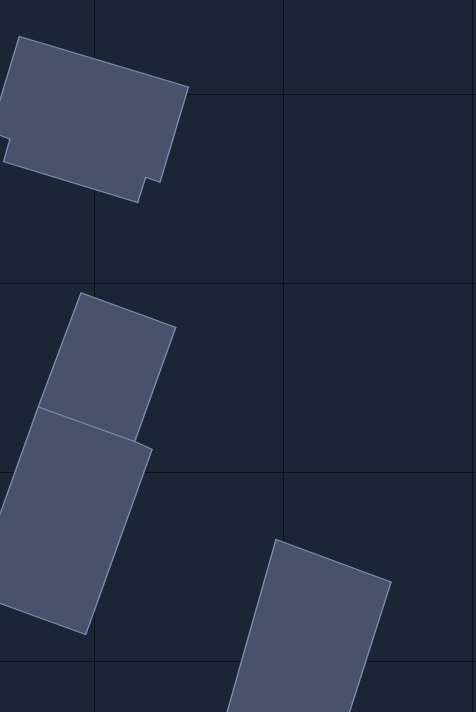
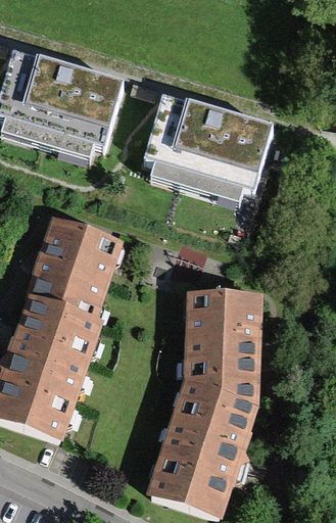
building: none -> [146,97,272,200]
building: none -> [182,293,265,406]

